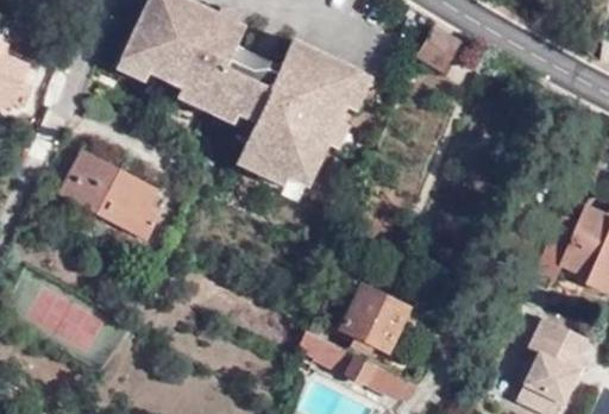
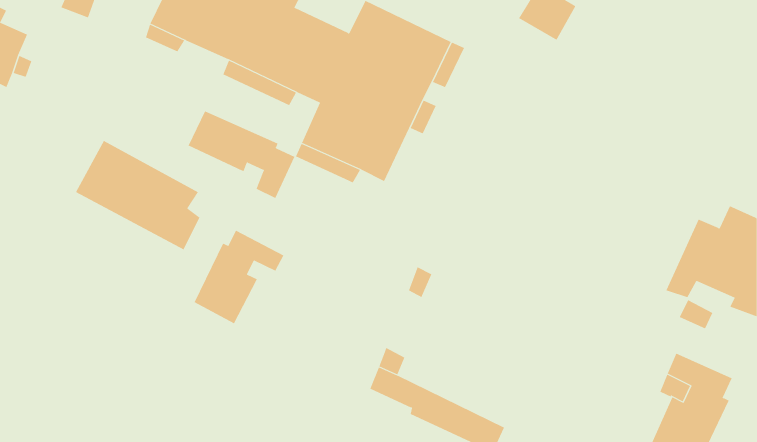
building: none -> [188,110,295,199]
building: none -> [194,230,284,324]
building: [331,286,407,353] -> none

